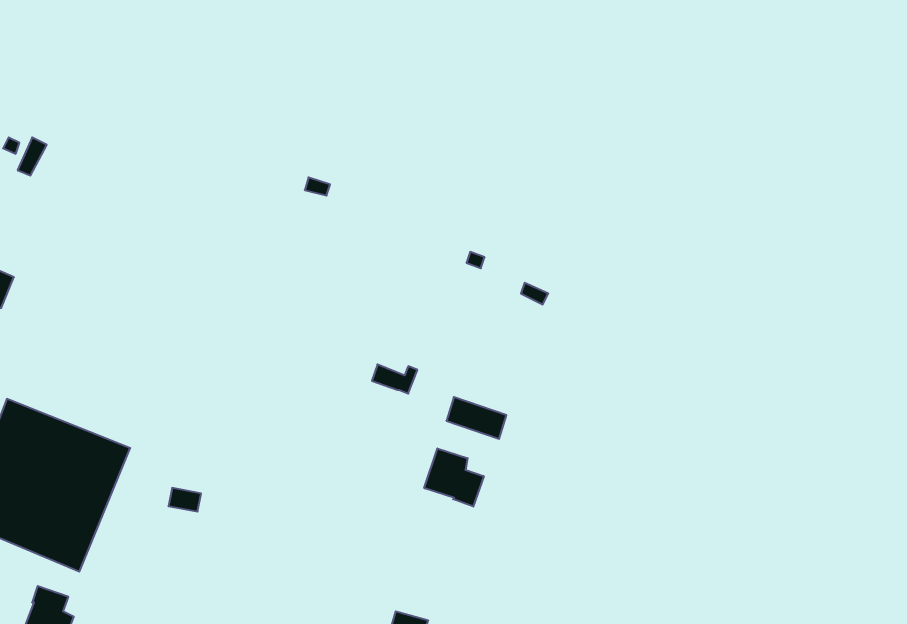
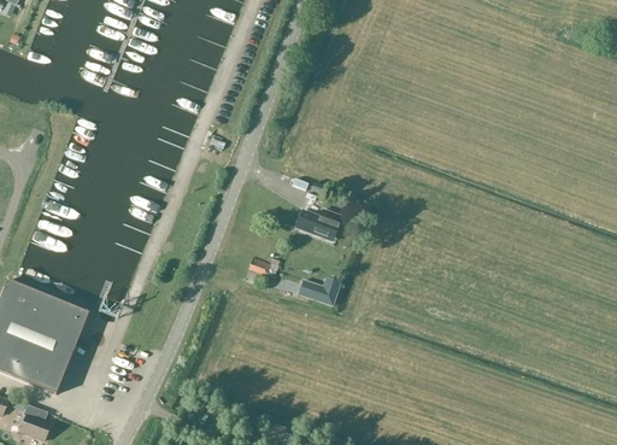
building: none -> [295,207,340,239]
building: [424,448,484,507] -> none

